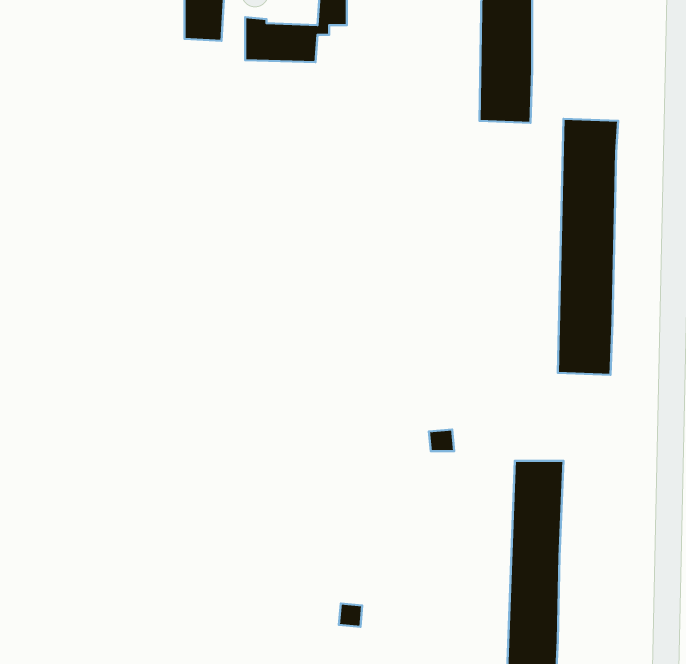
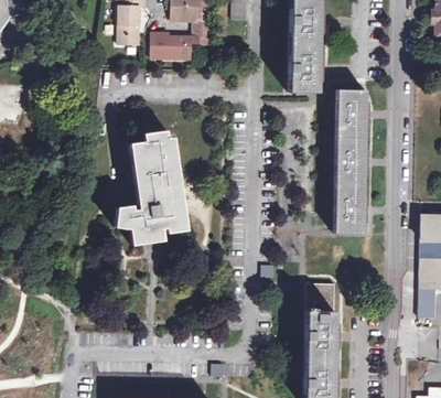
building: none -> [115,130,185,244]

